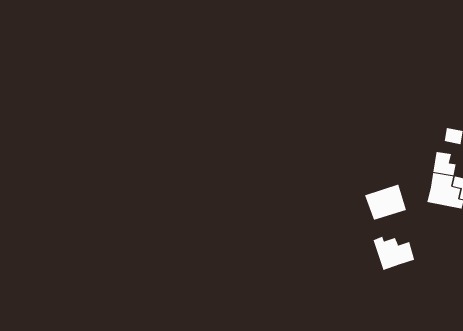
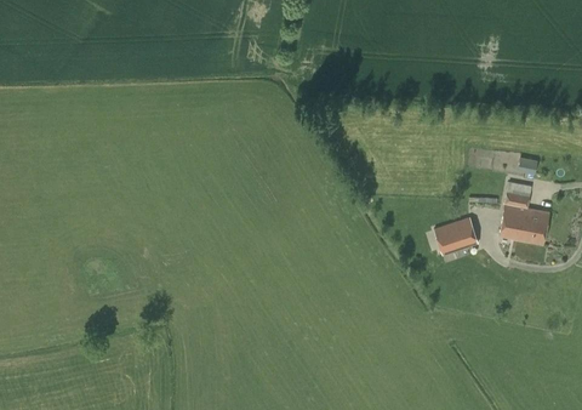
building: [373,236,415,271] -> none

